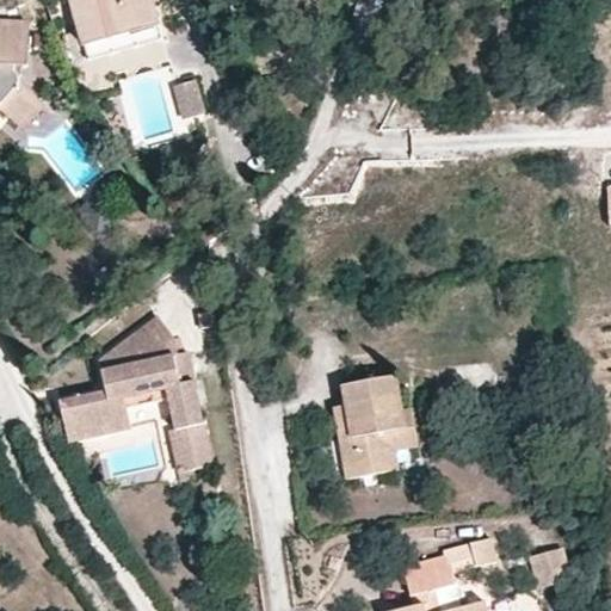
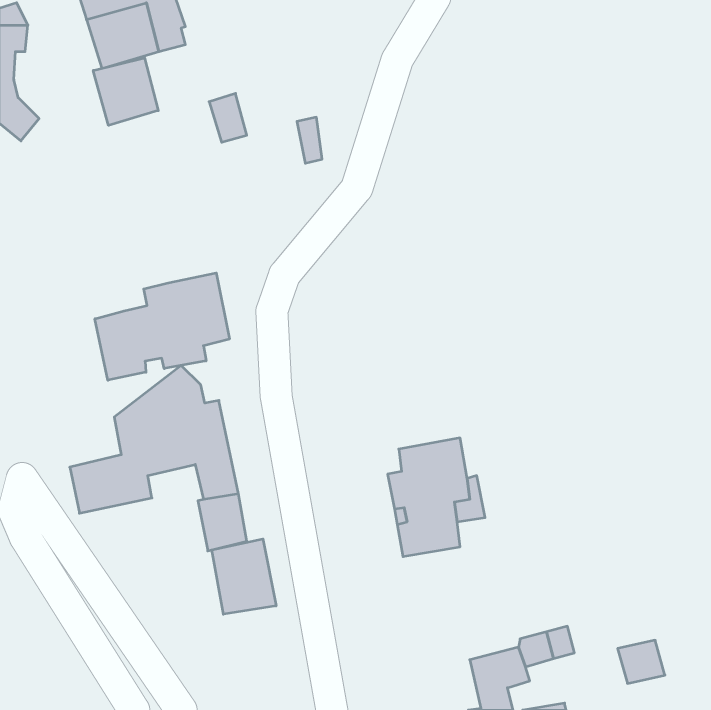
building: none -> [93,58,158,125]
building: none -> [95,273,229,380]
building: none -> [212,539,276,614]

